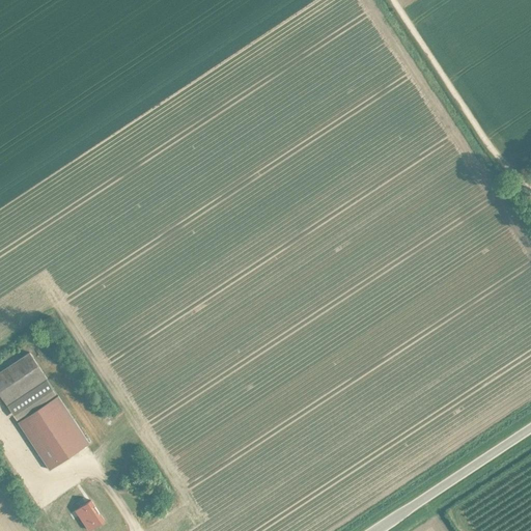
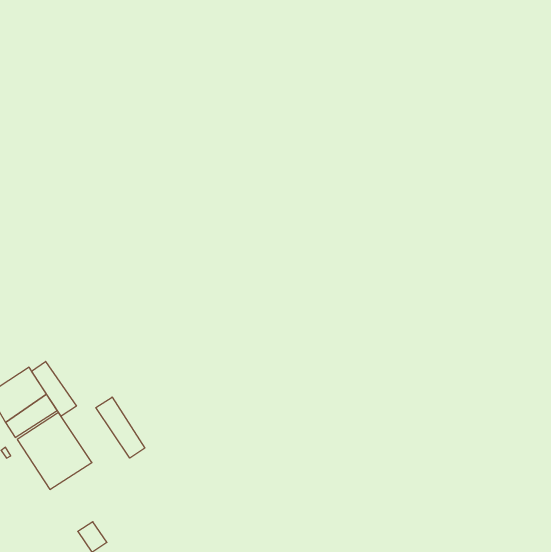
building: none -> [32,361,76,416]
building: none -> [96,397,145,458]

